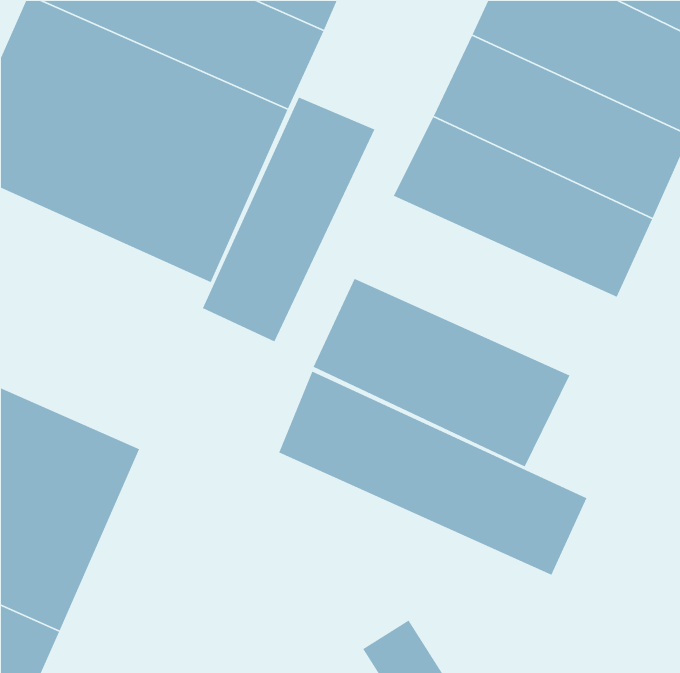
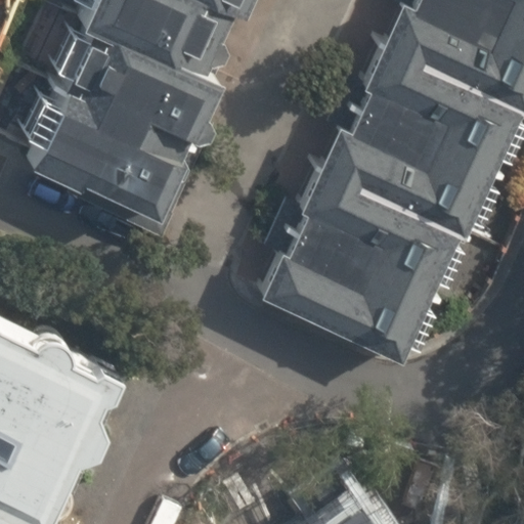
building: [202,96,376,342] -> none
building: none -> [273,158,475,295]
building: [278,370,588,576] -> none

